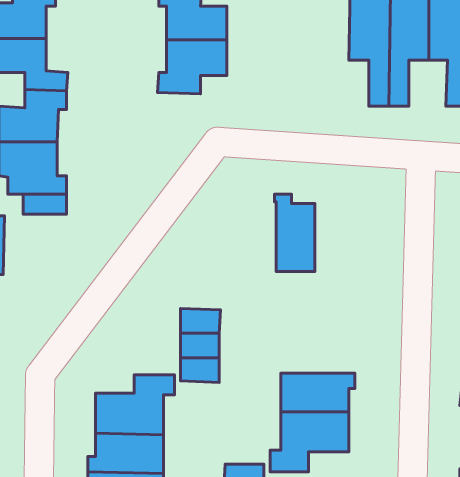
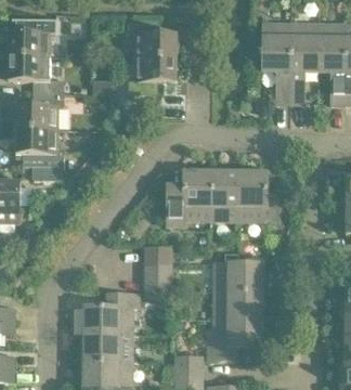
building: none -> [166,171,211,226]
building: none -> [238,172,281,227]
building: none -> [214,262,266,291]

